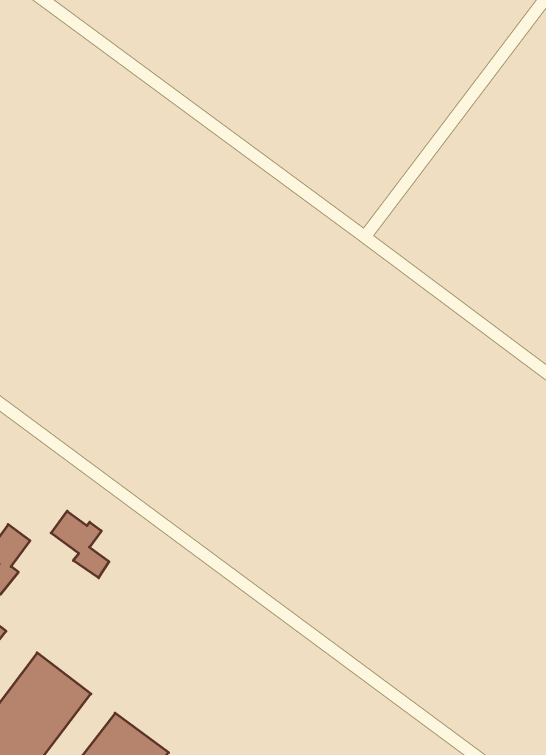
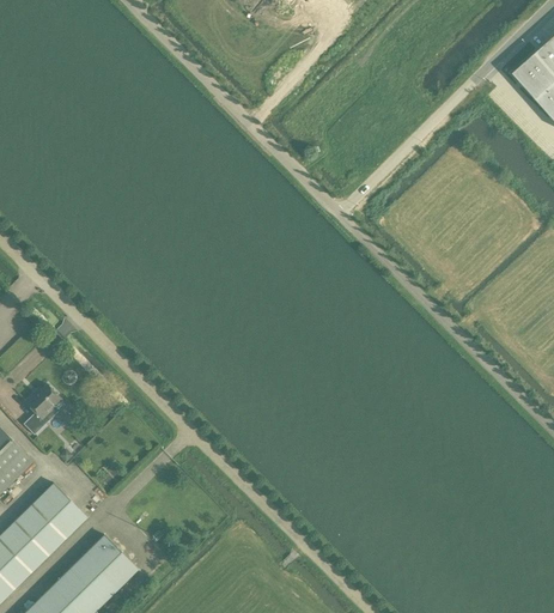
building: [51,511,109,578] -> none

